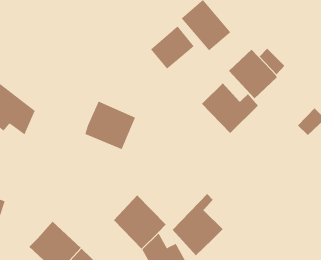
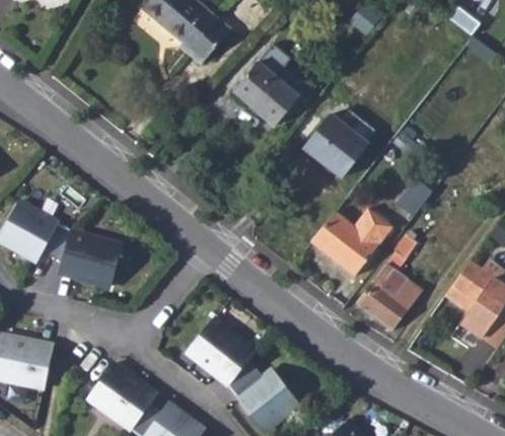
building: [150,26,195,69] -> none
building: [201,82,259,134] -> [312,210,384,273]
building: [84,101,136,150] -> [60,229,121,286]
building: [172,193,223,256] -> [359,250,423,331]

